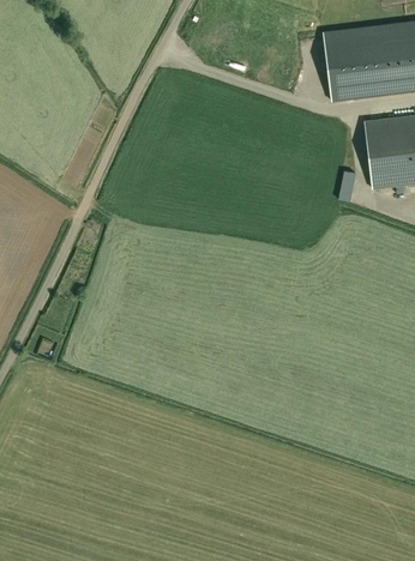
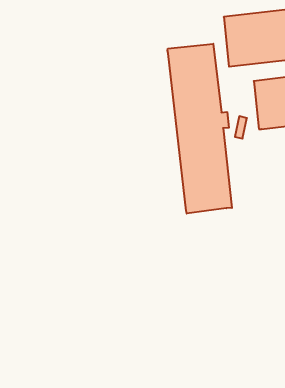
building: none -> [168,44,232,214]

